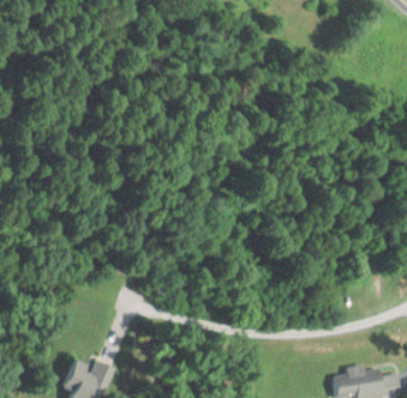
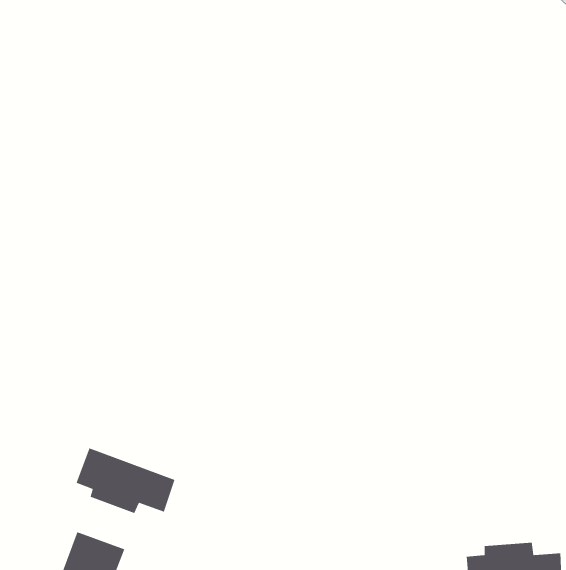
building: none -> [76,447,175,514]

